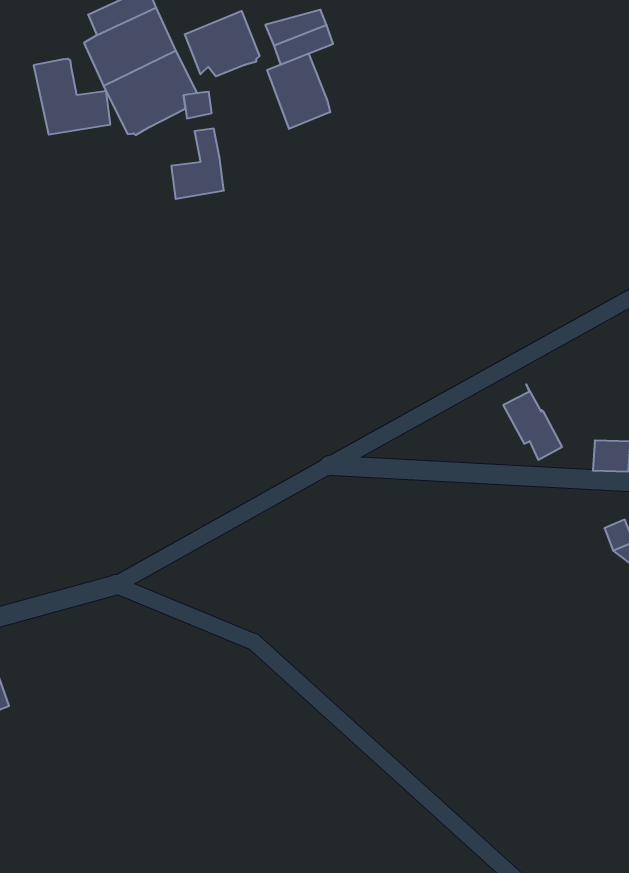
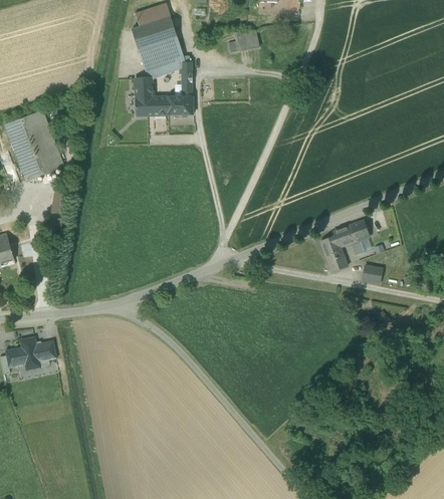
building: [185,11,259,76] -> none
building: [267,53,330,129] -> none
building: [34,59,110,135] -> [133,78,168,115]
building: none -> [334,222,367,255]

